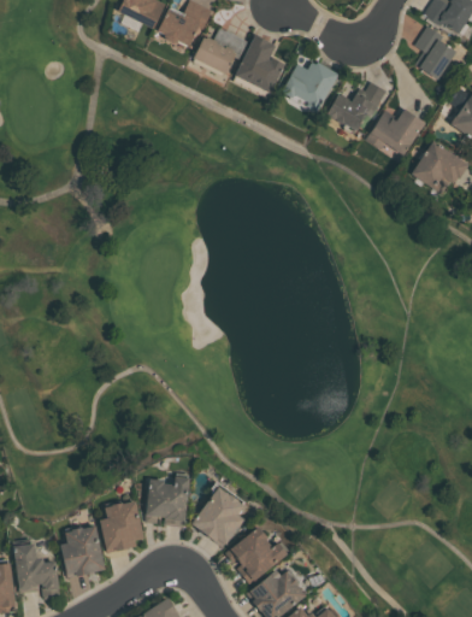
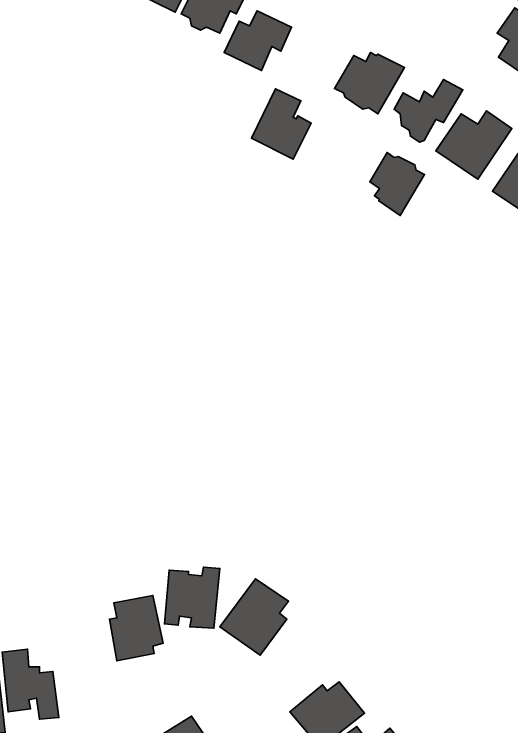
building: [237,34,285,90] -> [252,89,311,159]
building: none -> [370,152,424,215]
building: [61,523,106,577] -> none
building: [225,524,288,584] -> none

